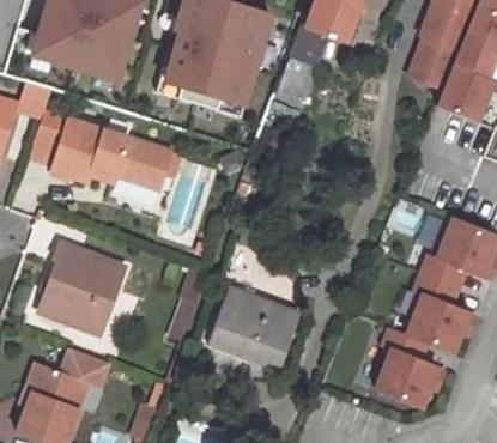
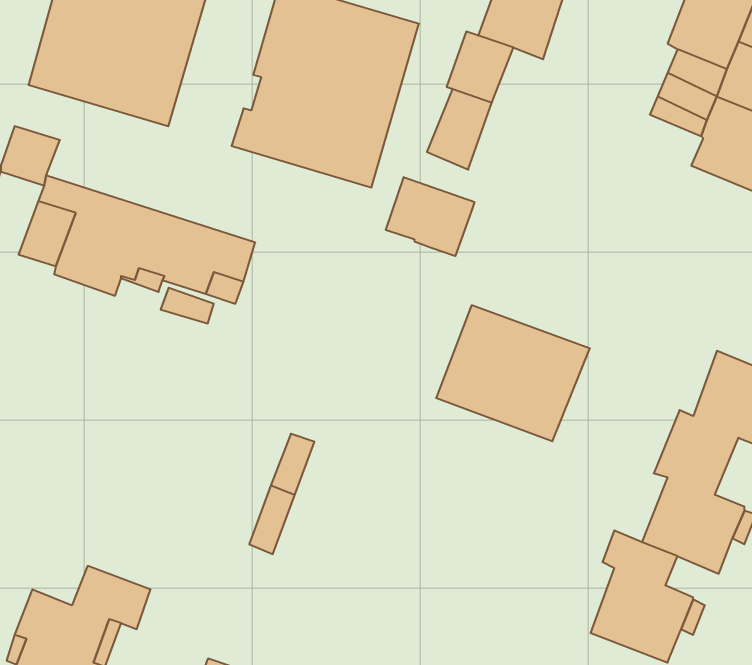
building: none -> [386,177,474,256]
building: [41,243,125,334] -> none
building: [208,286,302,369] -> [436,305,590,441]

